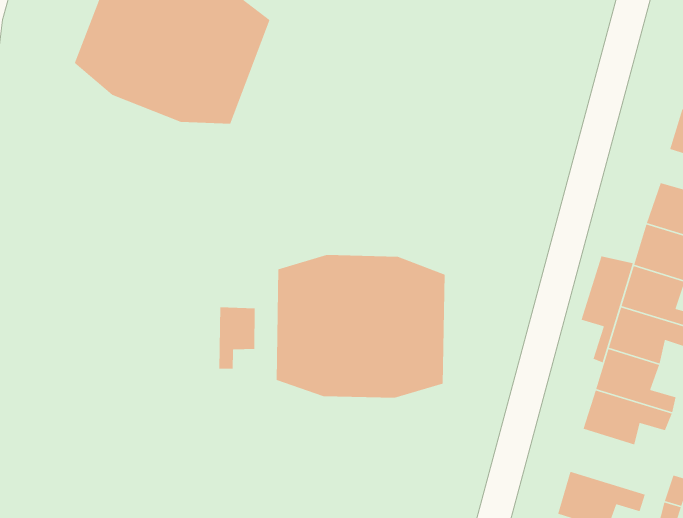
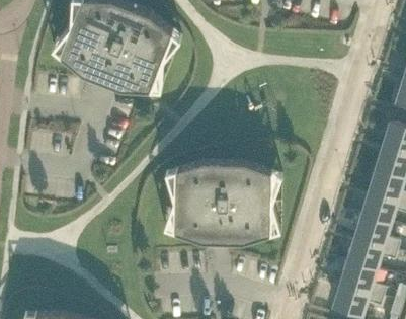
building: [581,255,634,363] -> none
building: [218,307,255,369] -> none
building: none -> [340,259,386,296]

